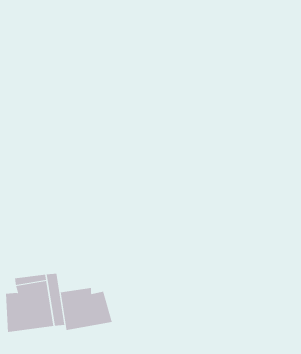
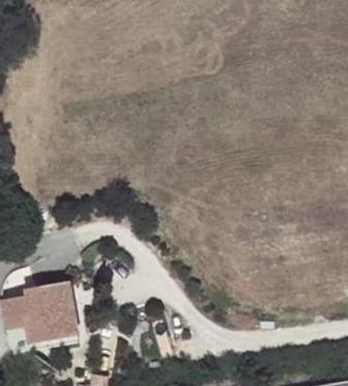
building: [60,287,113,331] -> none

